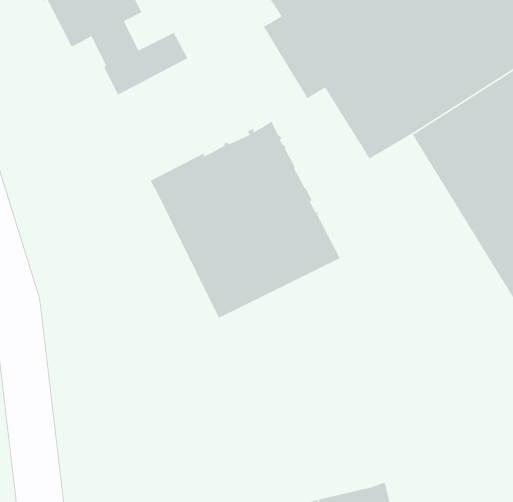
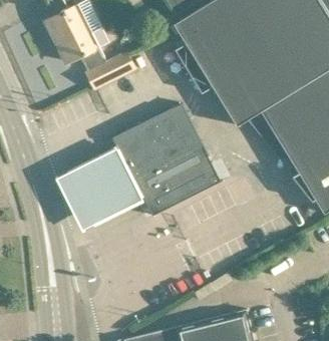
building: none -> [55,143,139,225]

